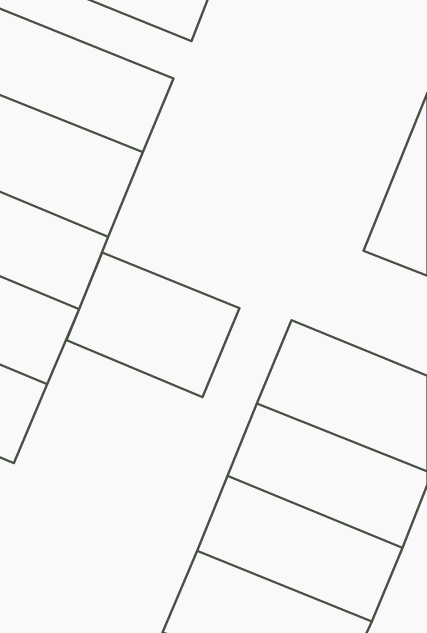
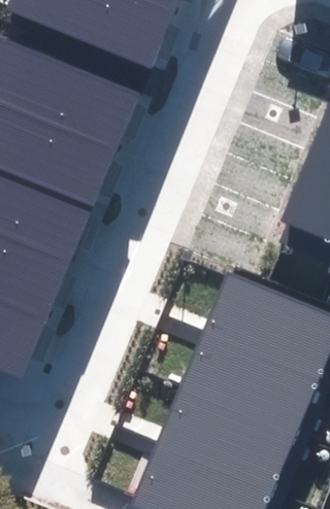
building: [66,253,239,397] -> none

